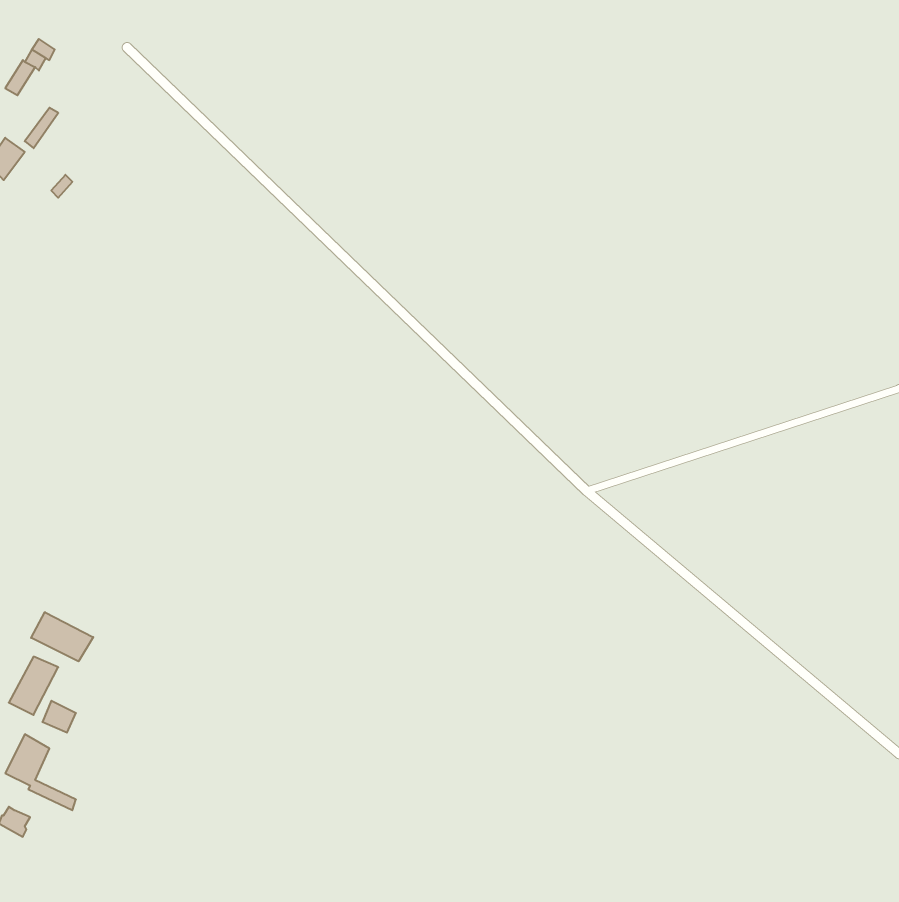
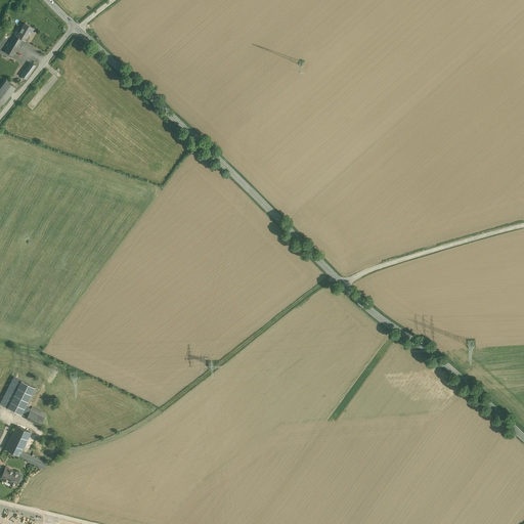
building: [31,612,93,661] -> none

